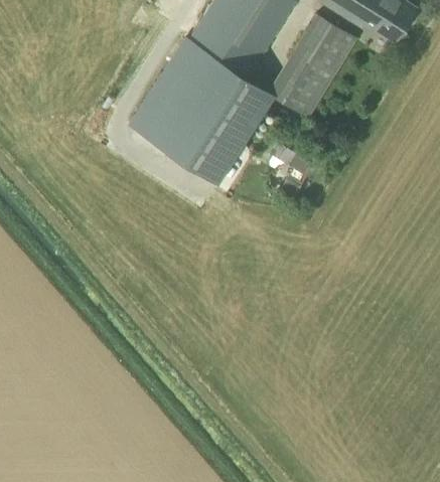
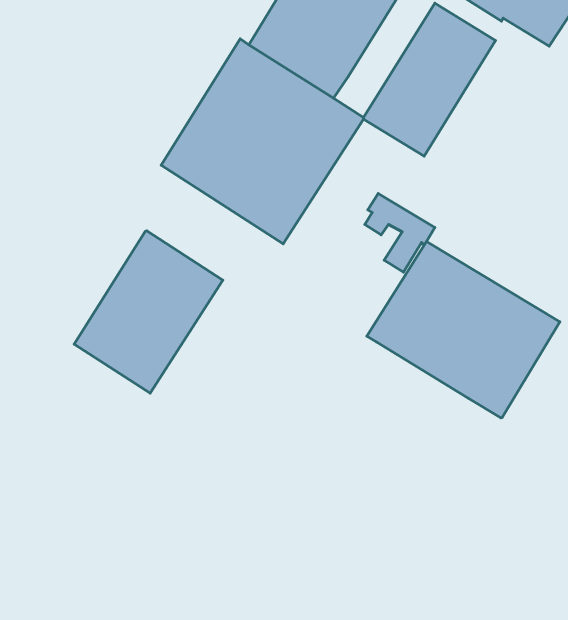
building: none -> [74,231,223,393]
building: none -> [367,242,560,418]

